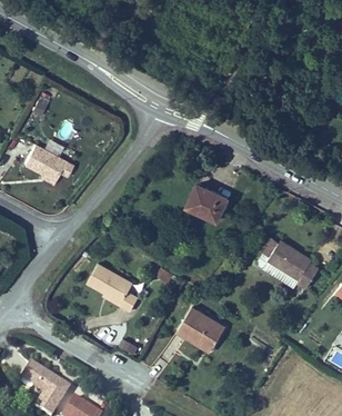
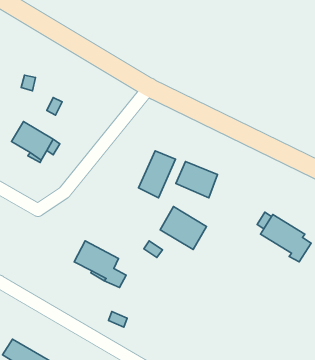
building: none -> [138,151,175,198]
building: [177,306,223,349] -> [160,207,206,250]

